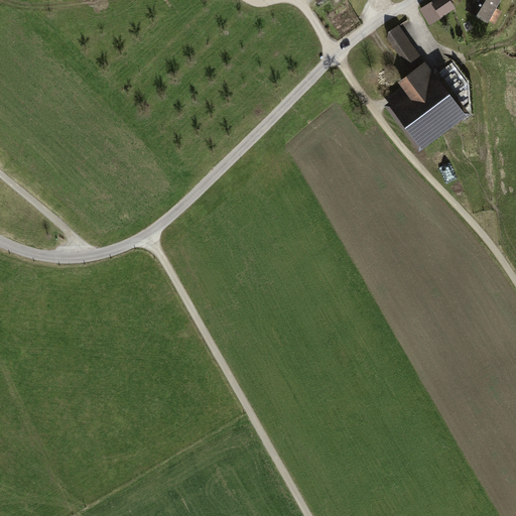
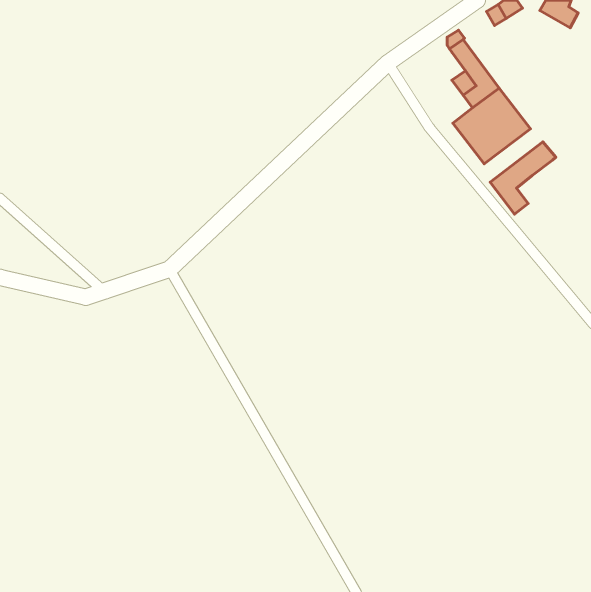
building: none -> [490,142,556,214]

